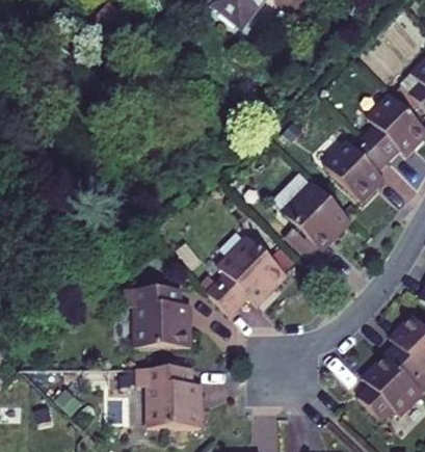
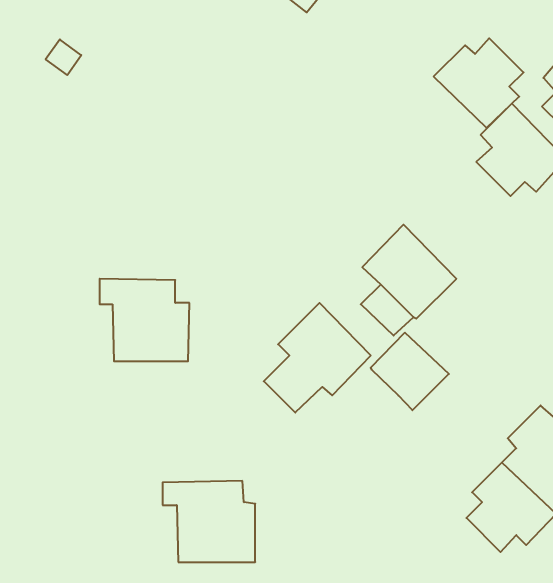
building: [323,135,389,201] -> [434,38,524,128]
building: none -> [371,333,449,410]
building: [125,287,190,347] -> [100,279,189,361]

